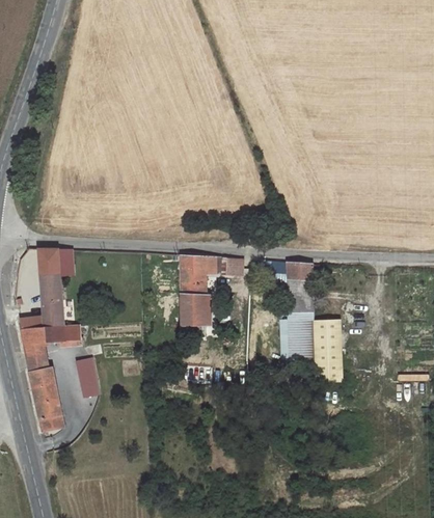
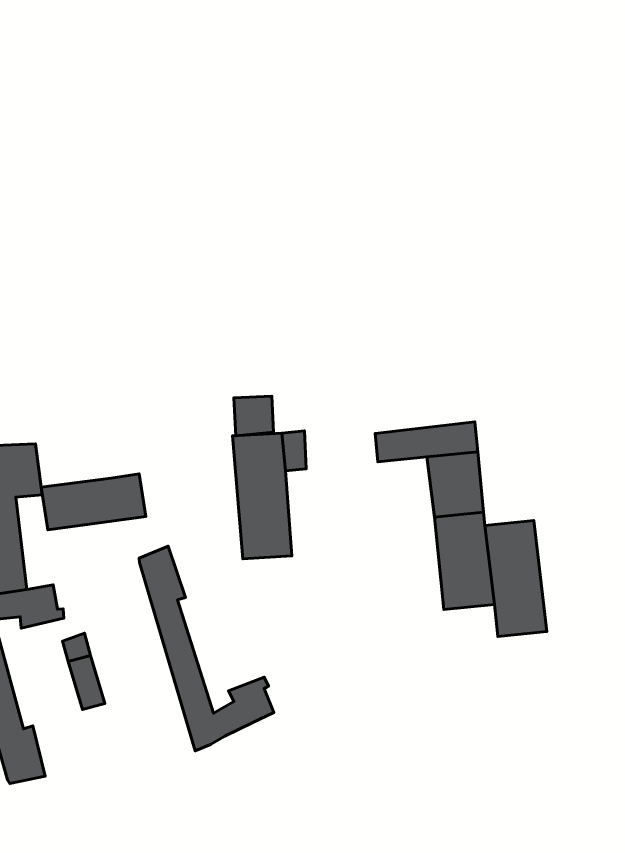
building: [220,256,242,277] -> [234,396,273,436]
building: none -> [41,474,146,530]
building: none -> [139,546,274,751]

